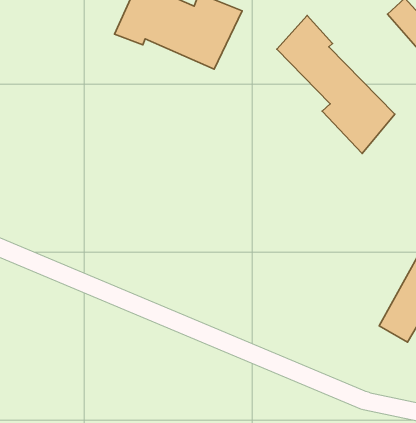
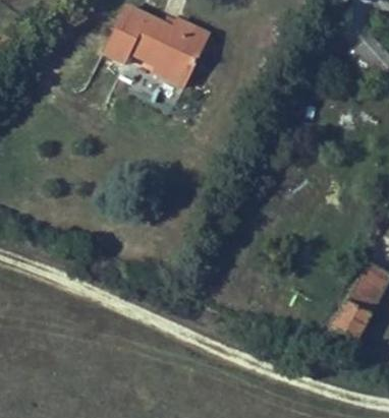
building: [277,16,395,154] -> none

